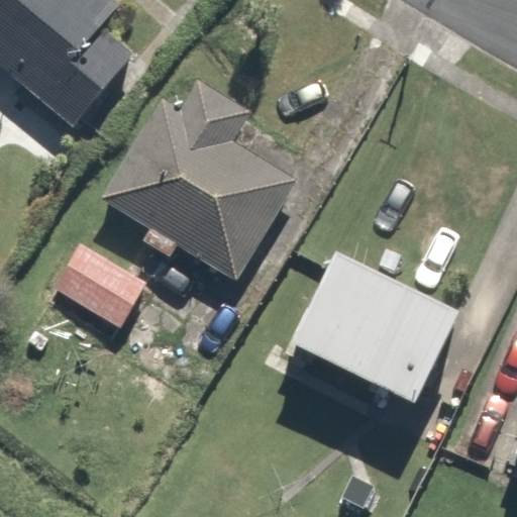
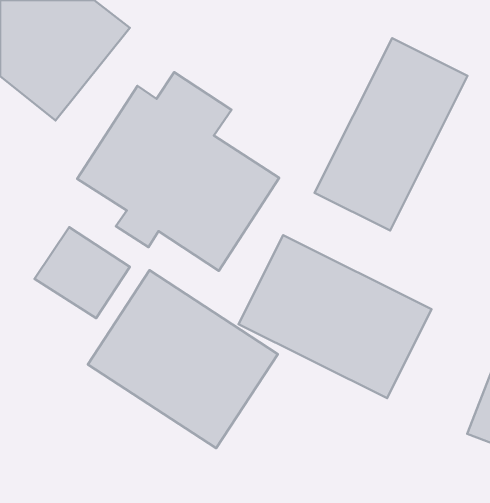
building: none -> [315,38,468,231]
building: none -> [88,270,278,448]

